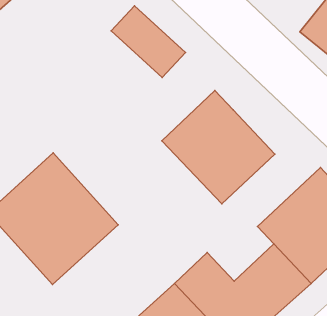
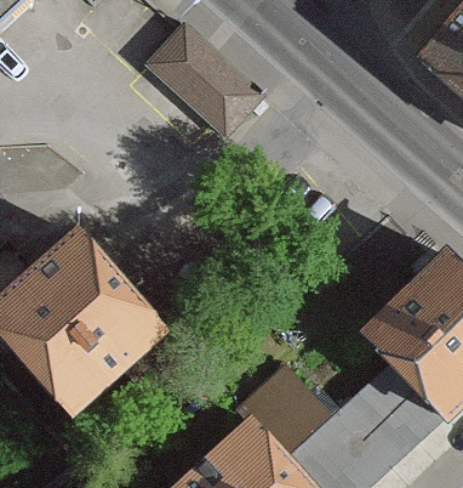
building: [162,90,275,204] -> none

